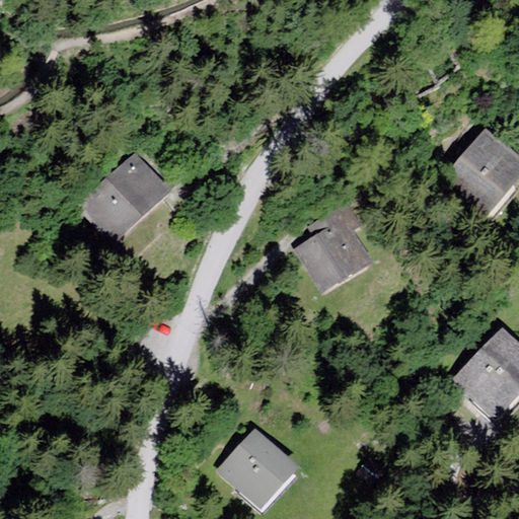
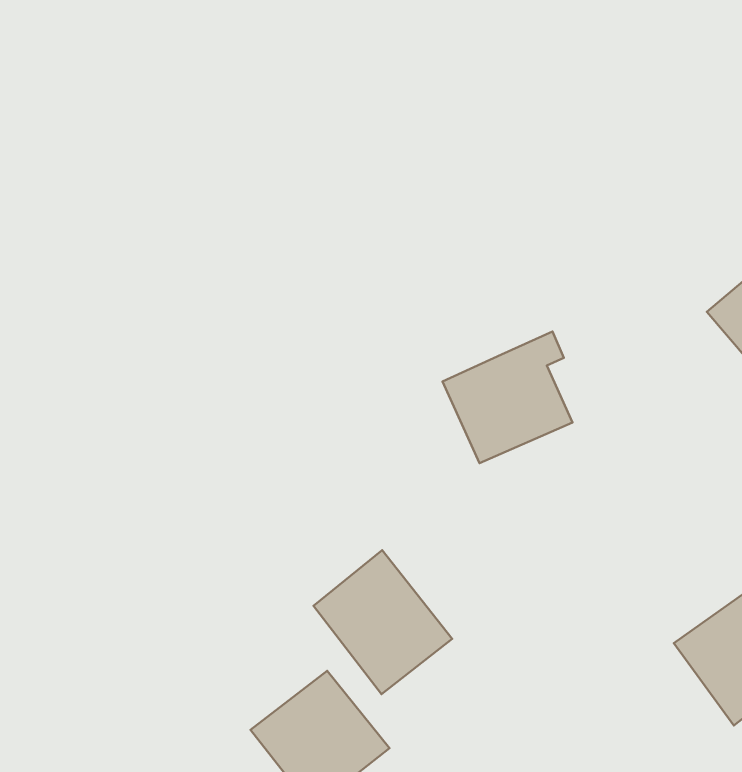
building: [77,152,170,244] -> none
building: none -> [313,550,452,694]

